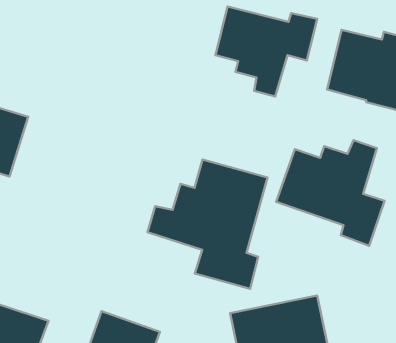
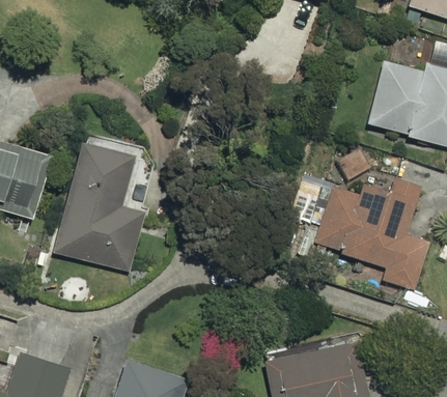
building: [215,6,317,96] -> none
building: none -> [54,142,145,273]
building: [147,160,267,289] -> none

